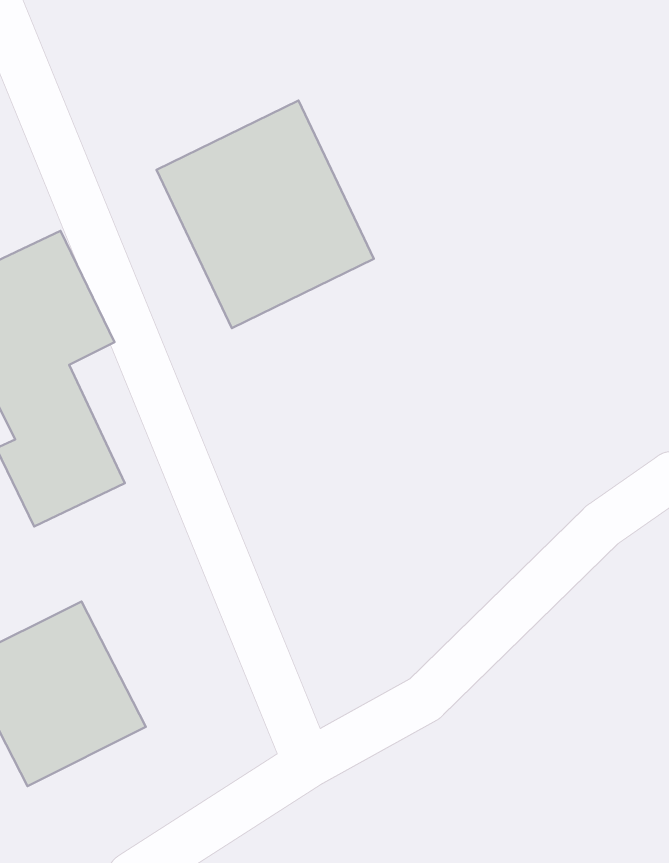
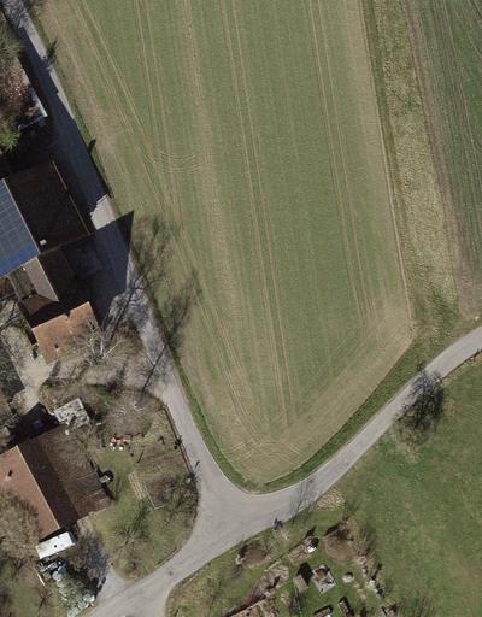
building: [156,100,374,328] -> none

